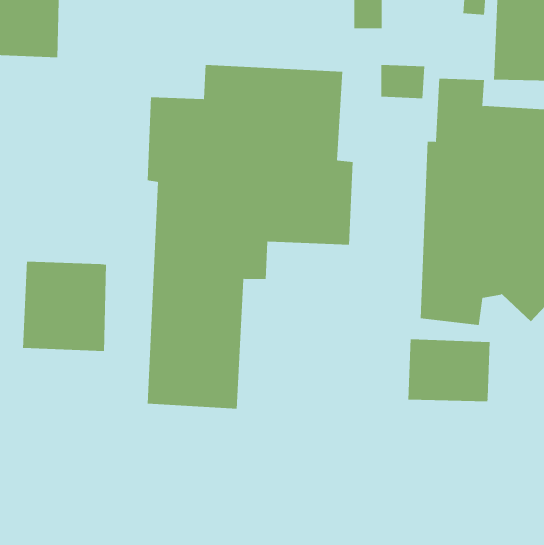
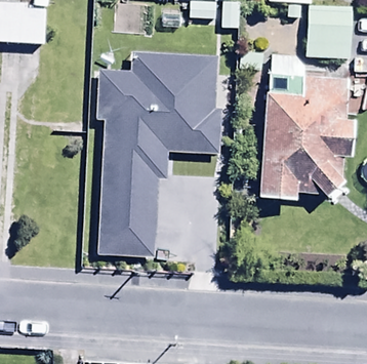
building: [22,261,106,352] -> none
building: [408,338,490,402] -> none

